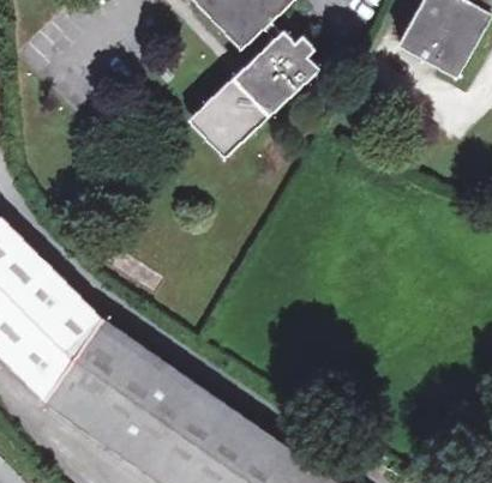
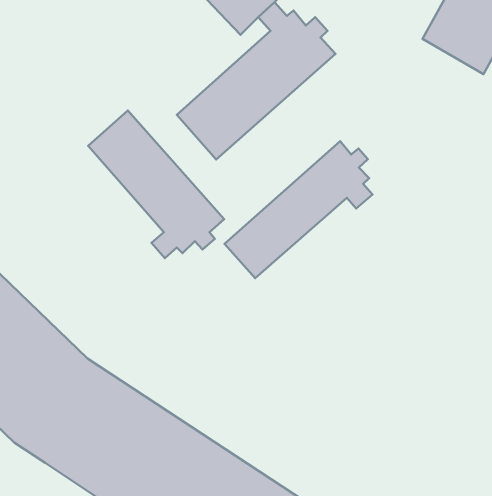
building: none -> [88,111,224,258]
building: none -> [224,141,373,278]

